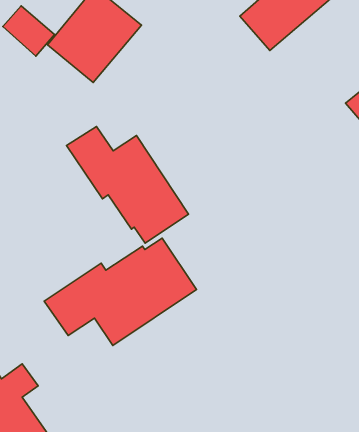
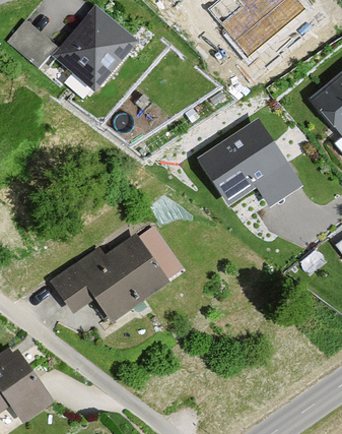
building: [66,126,189,243] -> none
building: none -> [201,125,301,209]

